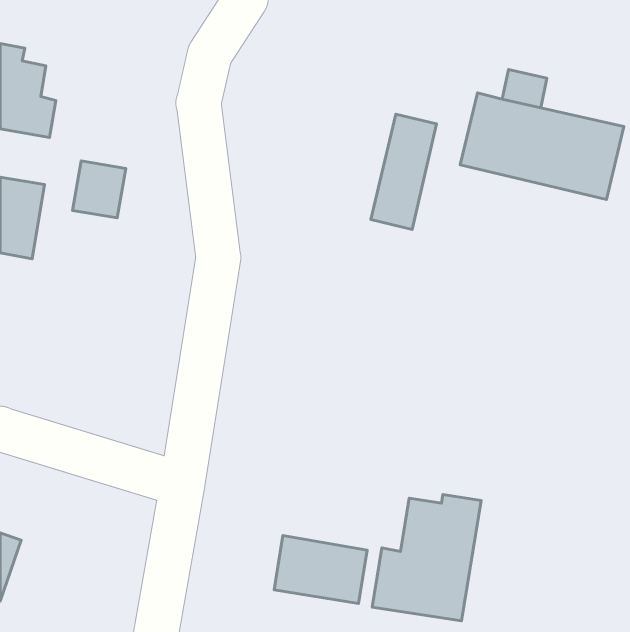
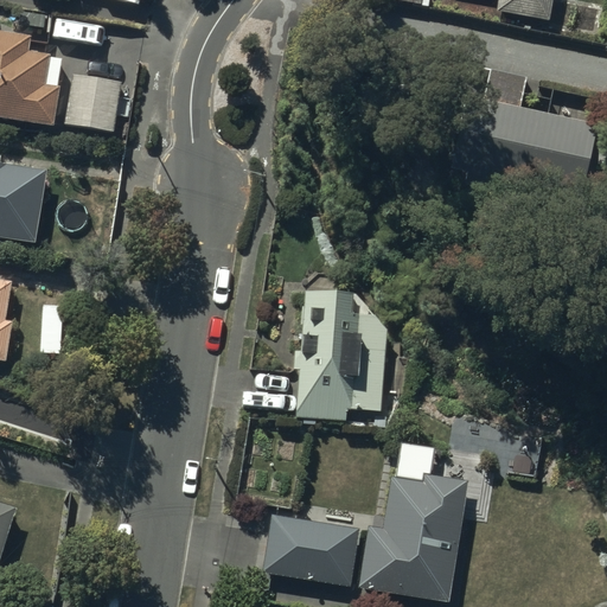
building: [371,114,436,230] -> none
building: [73,161,126,218] -> [68,78,119,133]
building: none -> [296,286,388,417]

